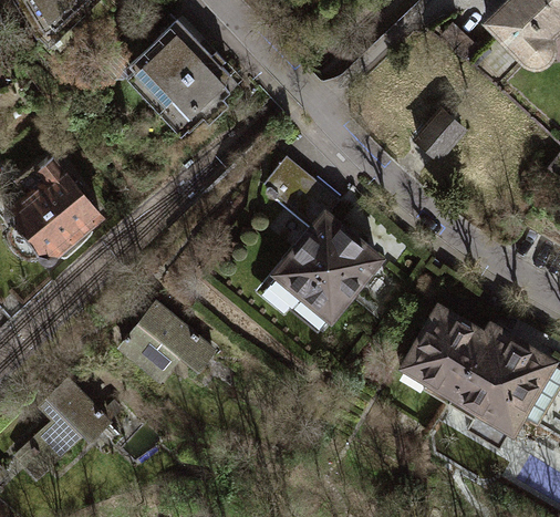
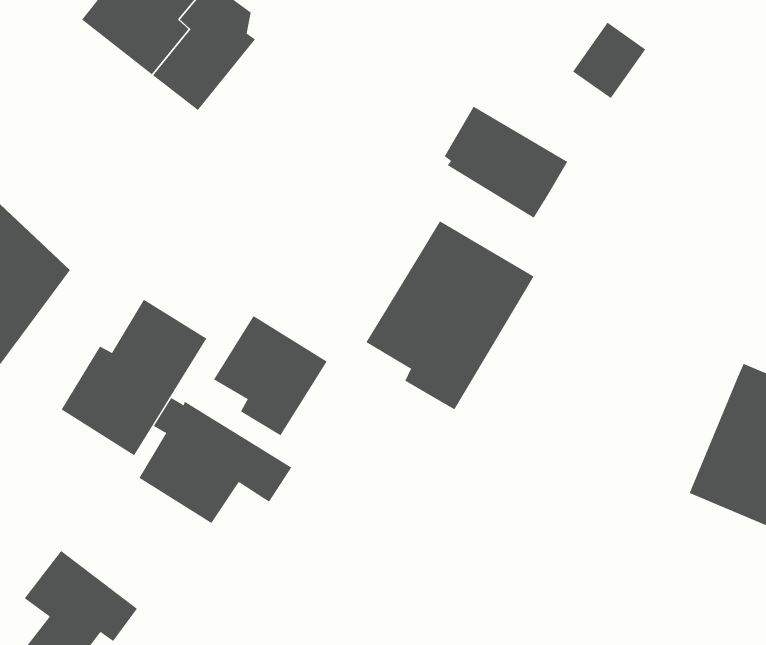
building: [267,157,341,230] -> [444,106,568,218]
building: none -> [61,299,207,456]
building: none -> [213,315,328,436]
building: [403,309,490,403] -> none

